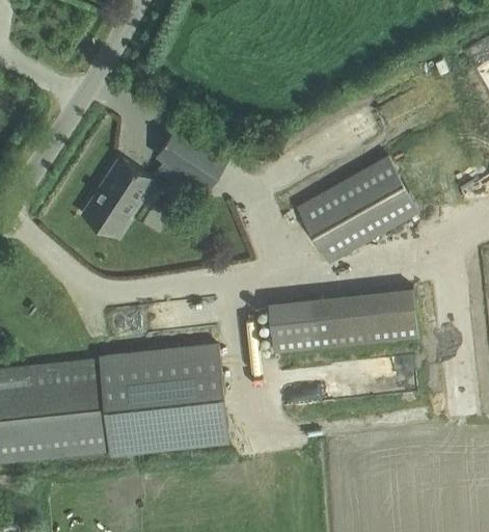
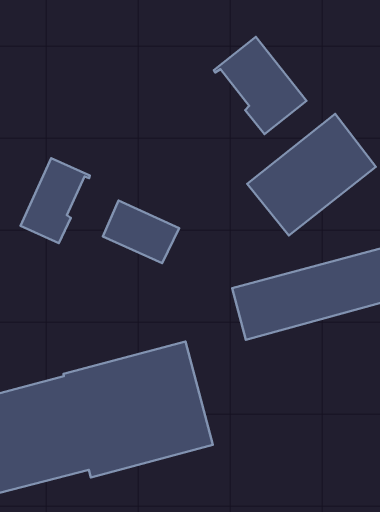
building: none -> [214,37,307,134]
building: [157,127,228,191] -> [103,200,179,263]

